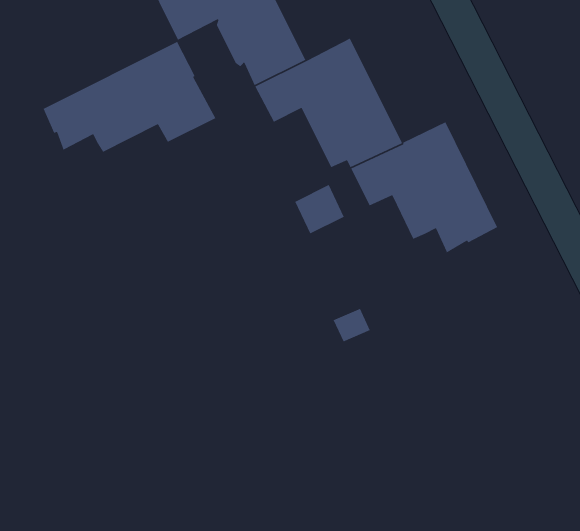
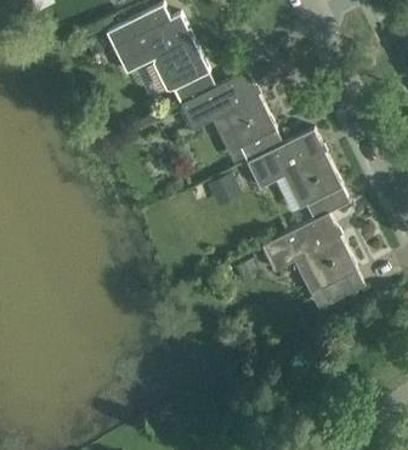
building: [42,41,216,153] -> none
building: none -> [261,212,364,303]

